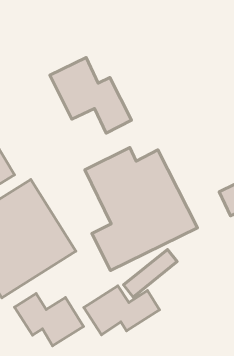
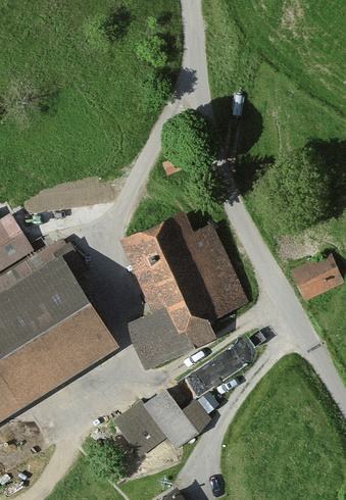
building: [50,57,131,133] -> none
building: [15,293,84,346] -> none

